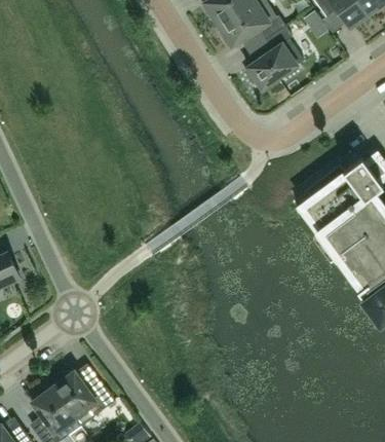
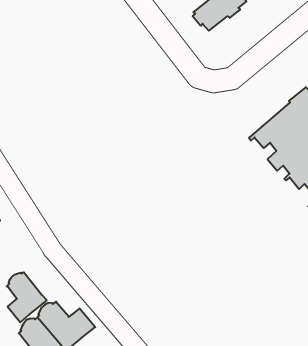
building: none -> [7,272,47,322]

